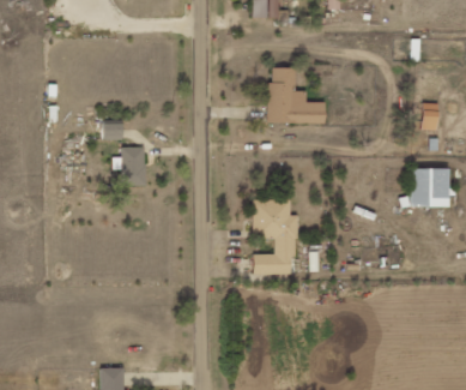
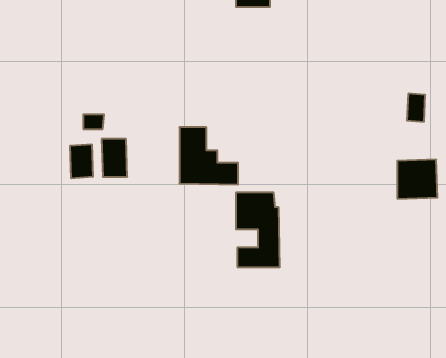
building: [268,67,326,124] -> [179,127,238,185]
building: none -> [70,144,93,178]

